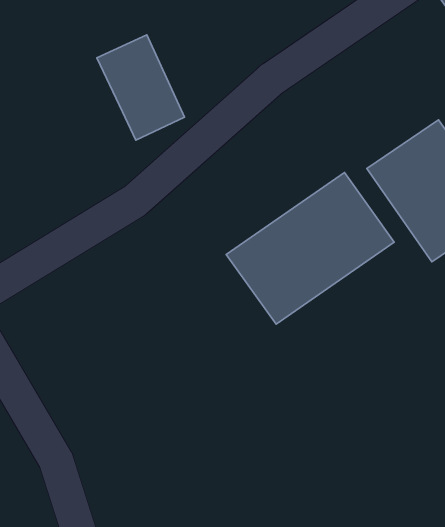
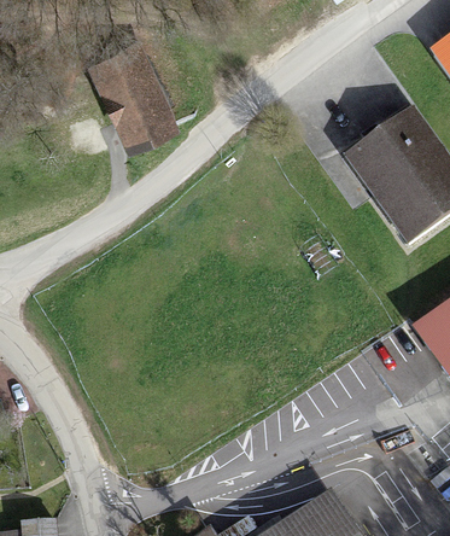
building: [226,172,394,324] -> none

